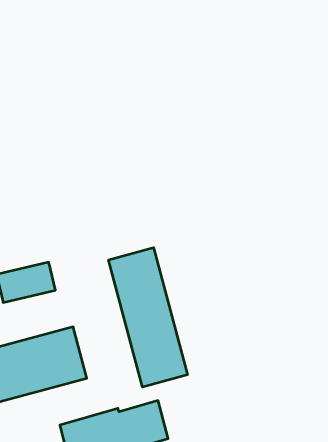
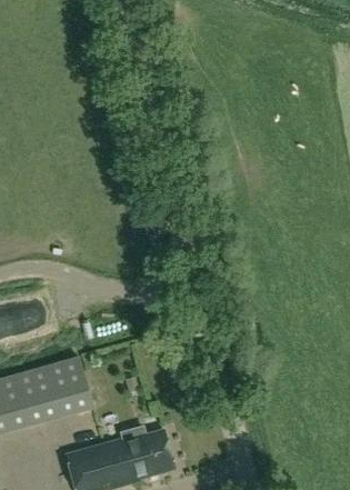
building: [109,248,187,387] -> none

